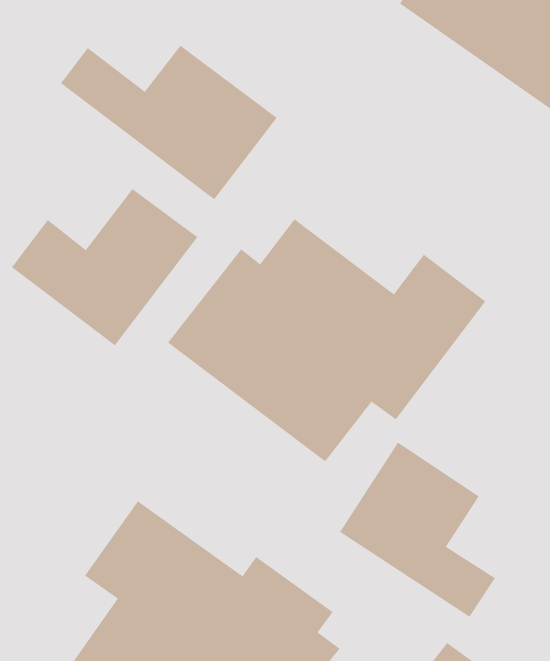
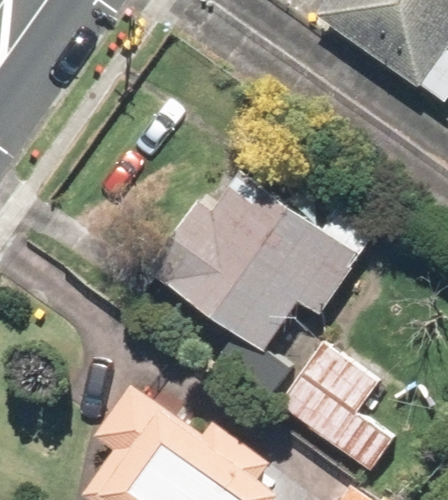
building: [60,45,277,200] -> none
building: [11,188,198,346] -> none

